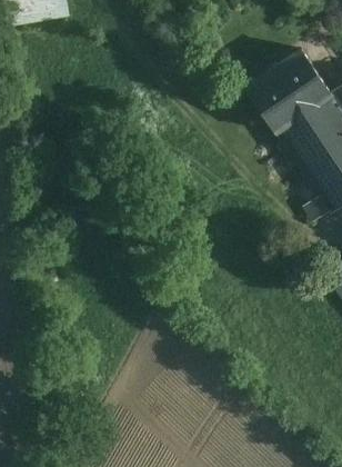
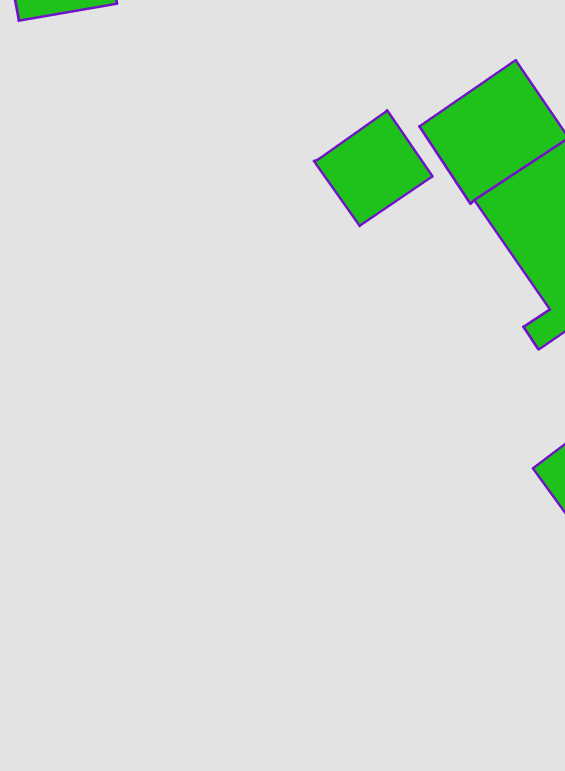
building: none -> [314,110,432,226]

